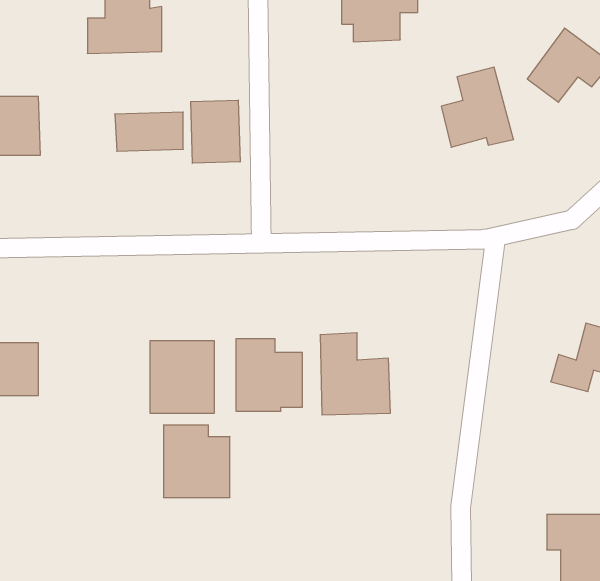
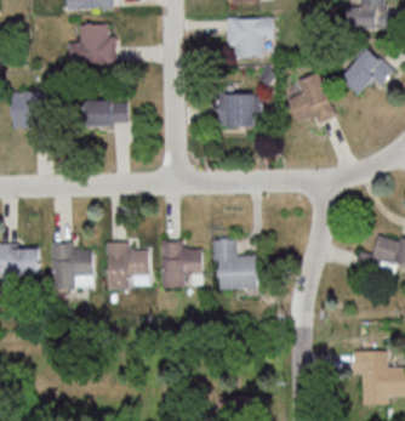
building: [191,100,240,163] -> none
building: none -> [217,93,261,126]
building: [163,425,230,497] -> [51,243,92,288]

